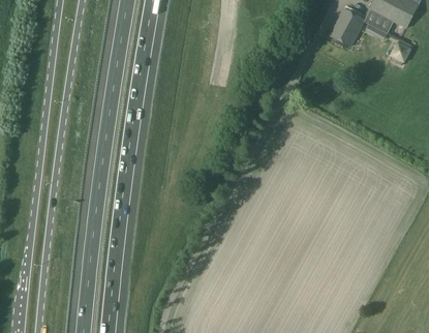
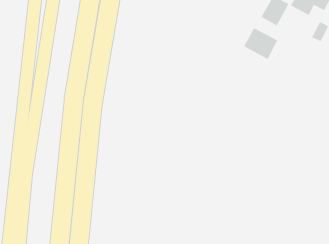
building: none -> [243,27,278,60]

